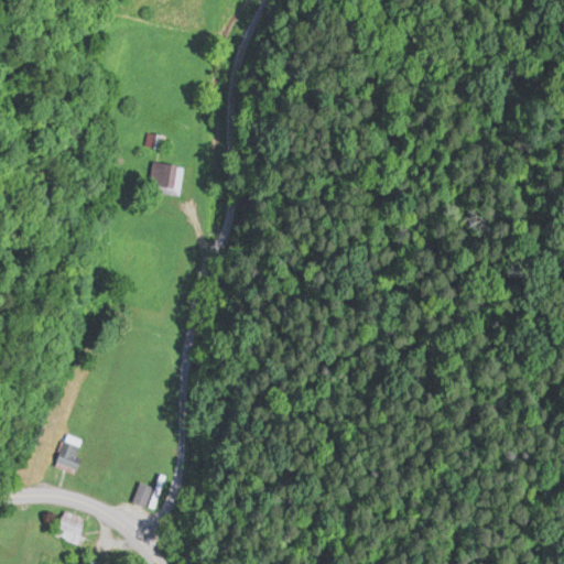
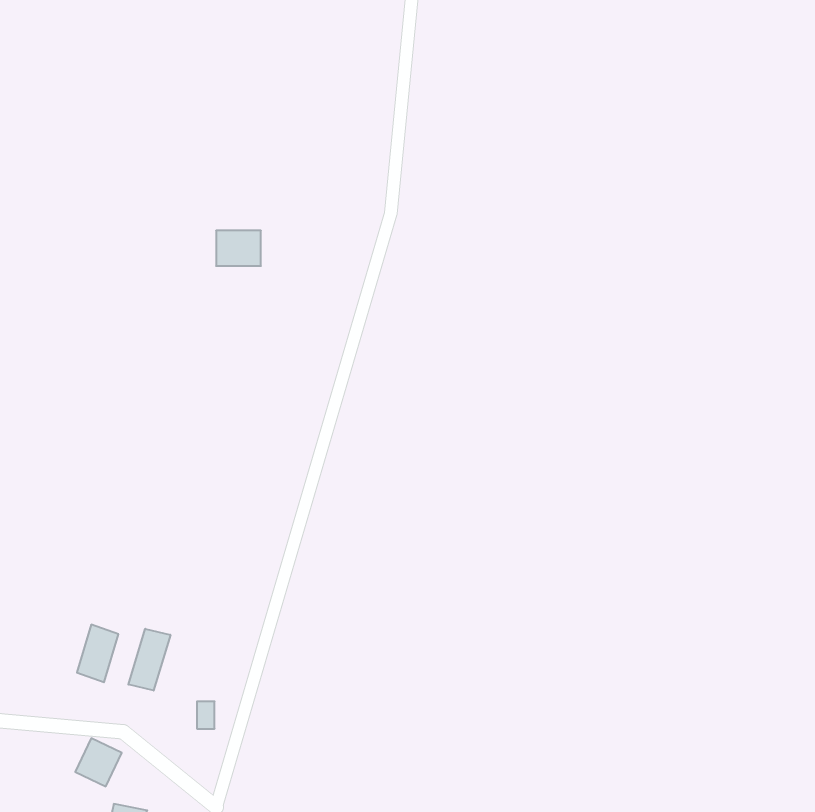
building: none -> [128,629,170,691]

